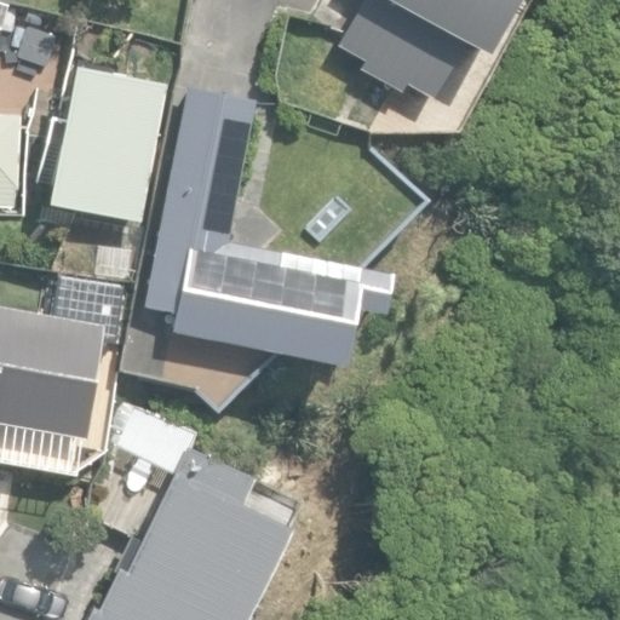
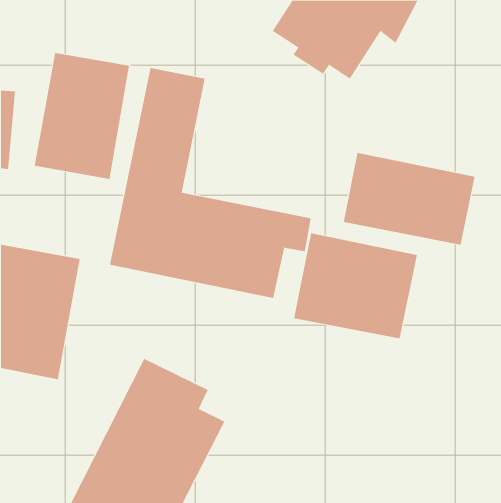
building: none -> [343,152,475,245]
building: none -> [294,233,418,339]

